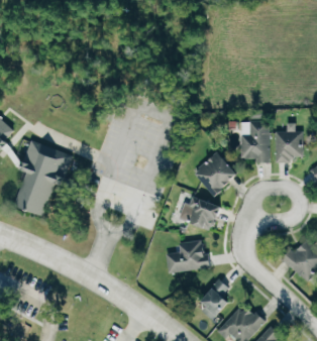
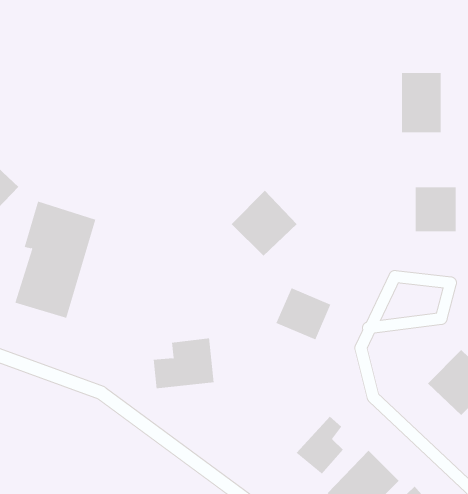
building: [240,121,267,160] -> [401,73,441,133]
building: [192,151,235,195] -> [231,190,297,257]
building: [166,239,206,272] -> [153,338,215,389]

